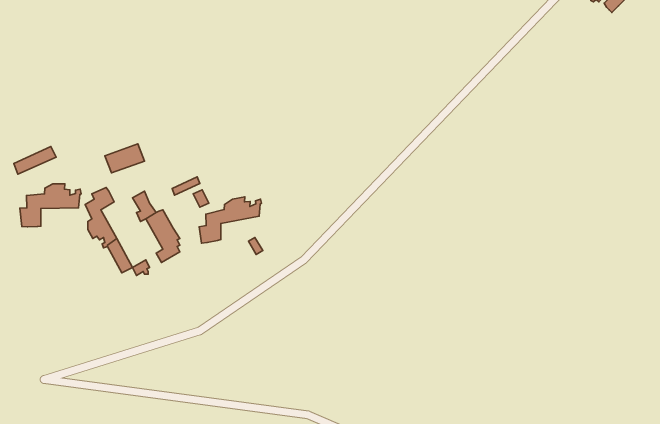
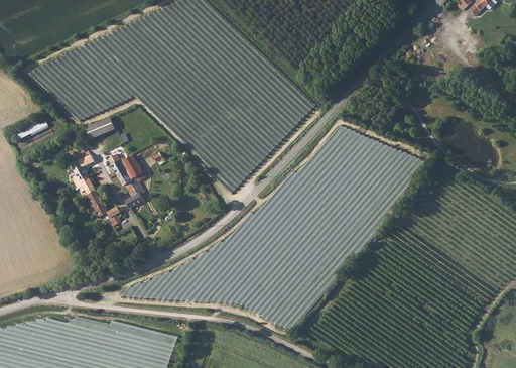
building: [20,184,81,227] -> none
building: [199,197,262,243] -> none

